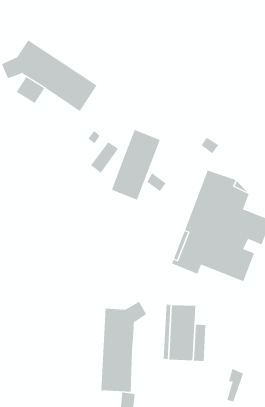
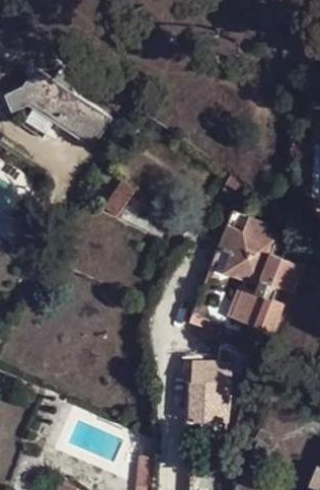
building: [111,129,161,201] -> none
building: [101,301,147,392] -> none

